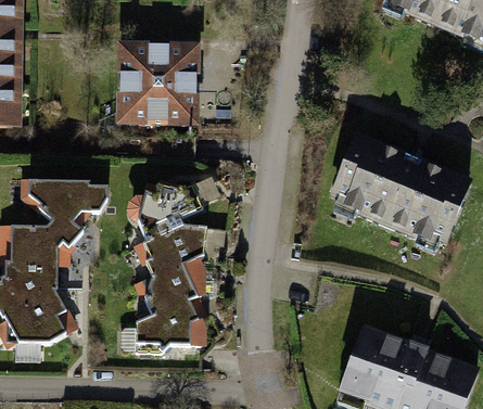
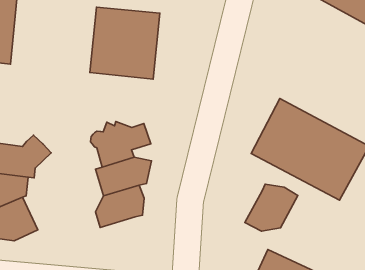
building: [28,180,107,221] -> none
building: none -> [245,184,298,231]
building: [135,298,206,353] -> none

